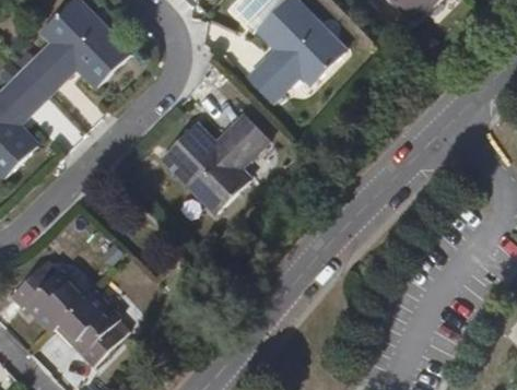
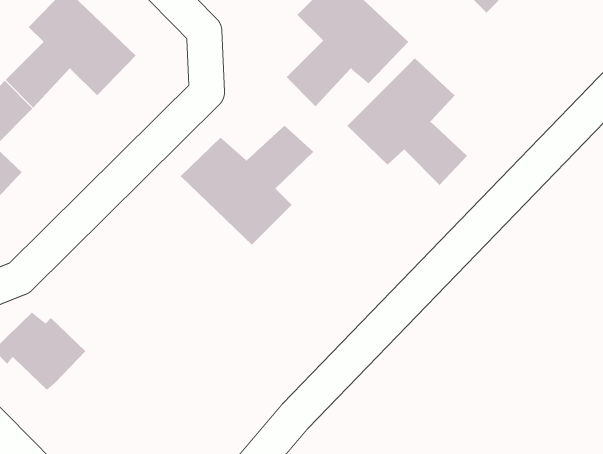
building: none -> [347,57,468,186]
building: [61,289,126,364] -> none

